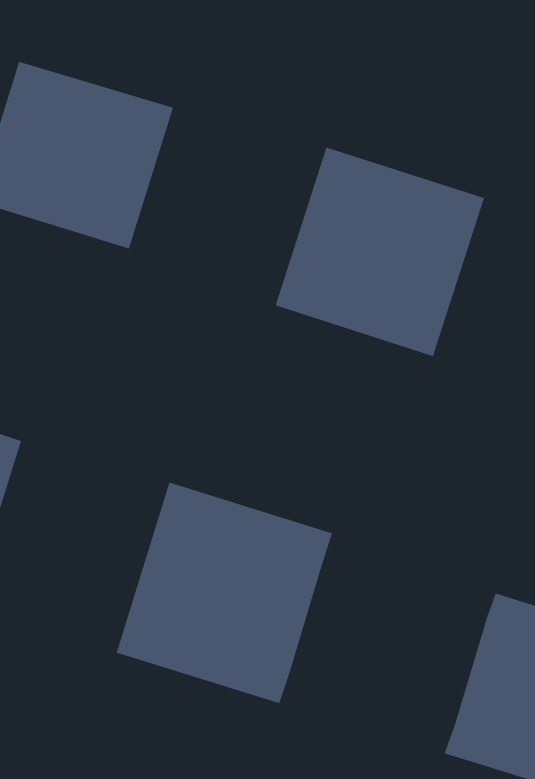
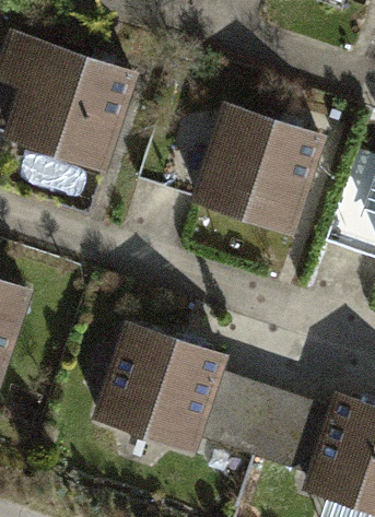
building: none -> [198,369,324,471]

